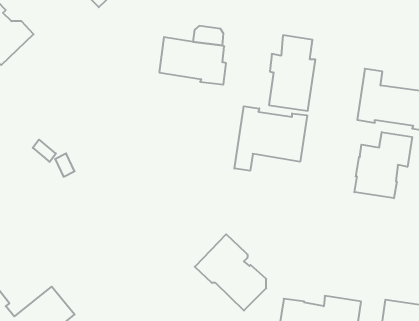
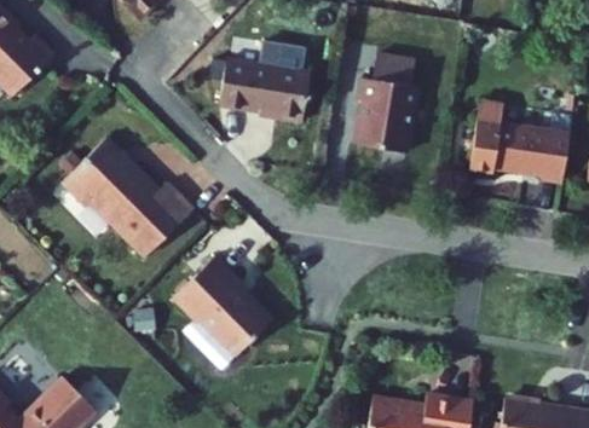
building: none -> [57,133,189,253]
building: [234,106,307,171] -> none
building: [354,132,412,198] -> none
building: [195,234,266,311] -> [172,254,265,353]

